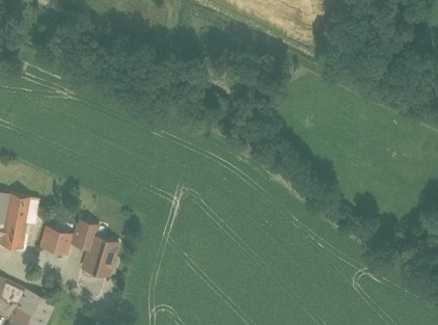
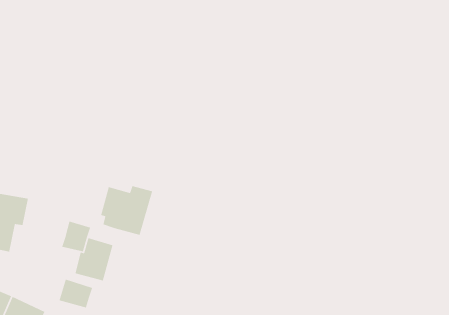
building: none -> [100,185,153,236]
building: [40,227,73,255] -> [59,279,93,309]

